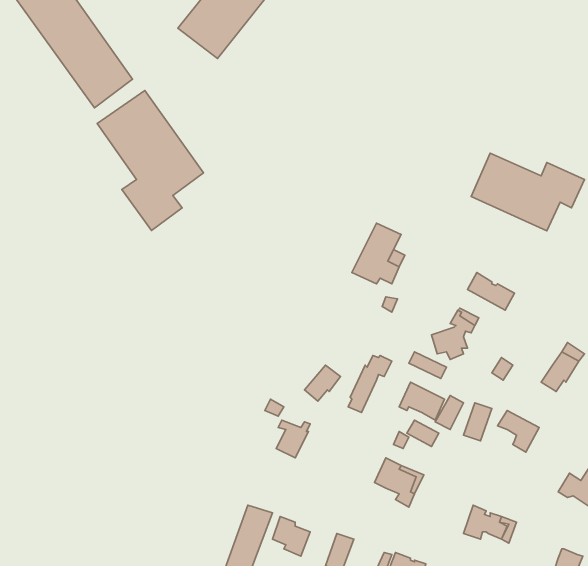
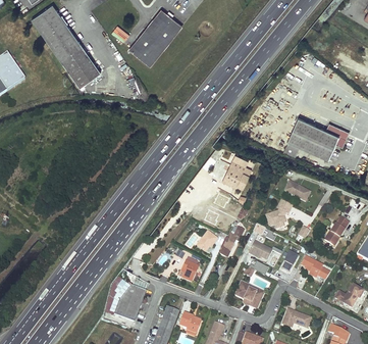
building: [97,90,204,231] -> none
building: none -> [114,285,144,320]

